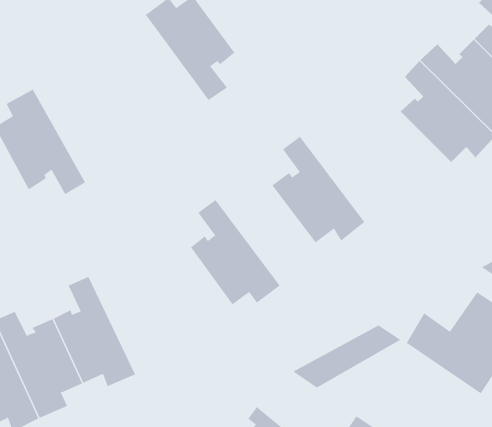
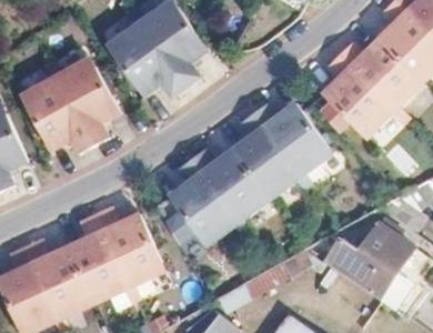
building: none -> [109,21,181,95]
building: none -> [52,64,115,144]
building: none -> [249,100,322,173]
building: none -> [187,145,260,220]
building: none -> [93,205,158,285]

